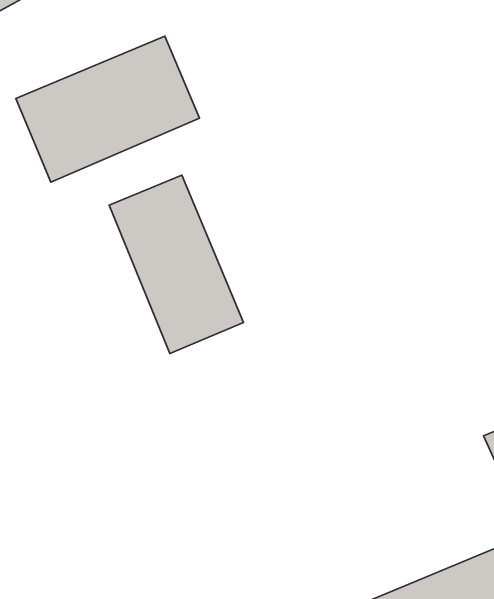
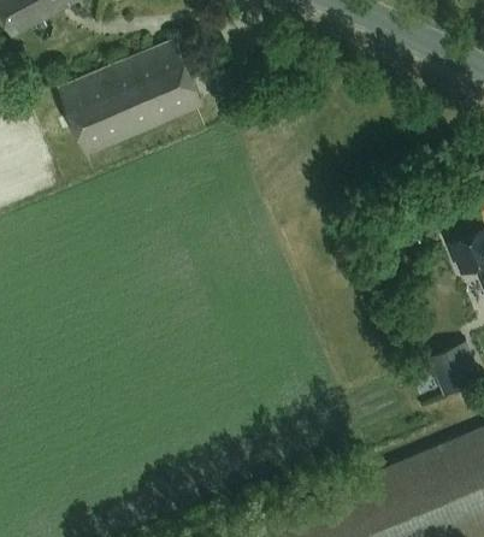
building: [109,175,244,353] -> none

